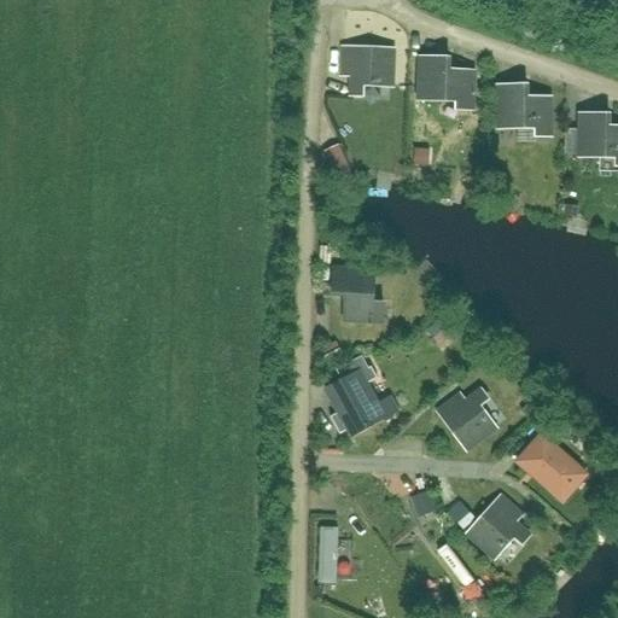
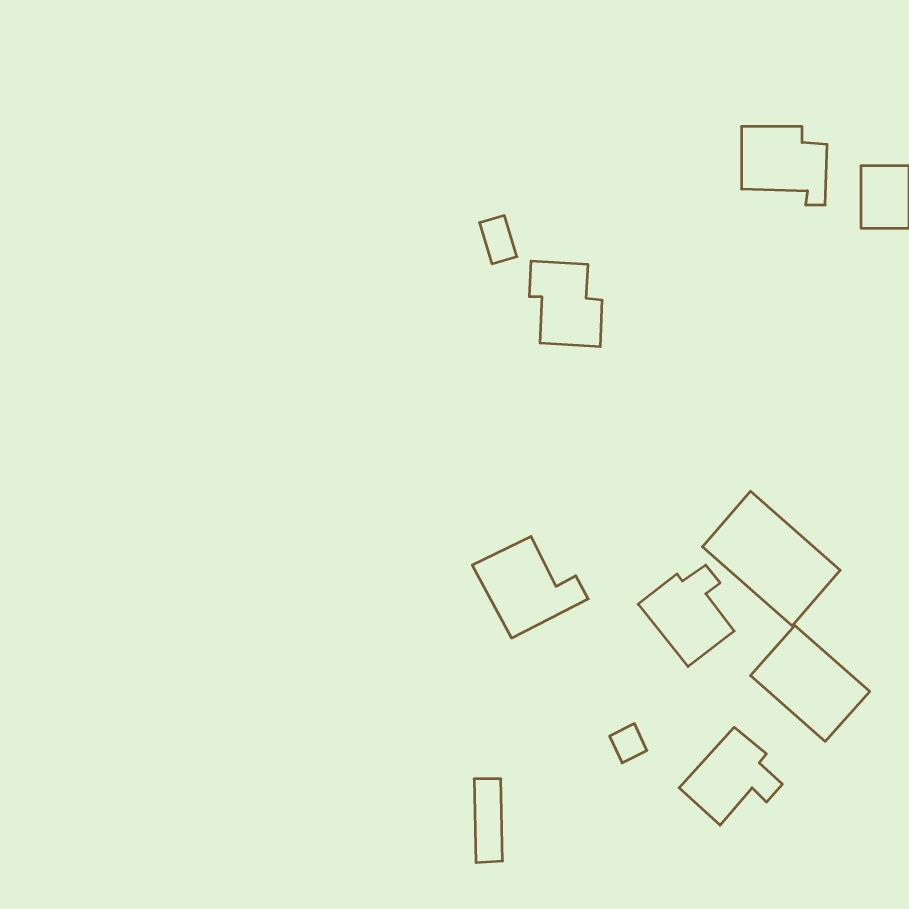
building: [336,45,395,92] -> none
building: [422,54,483,111] -> none
building: [333,266,383,323] -> [529,261,602,347]
building: none -> [702,491,840,626]

